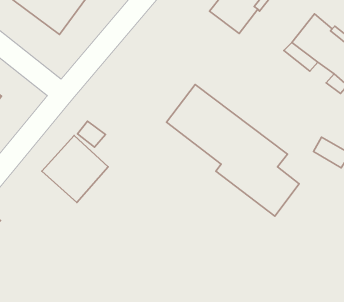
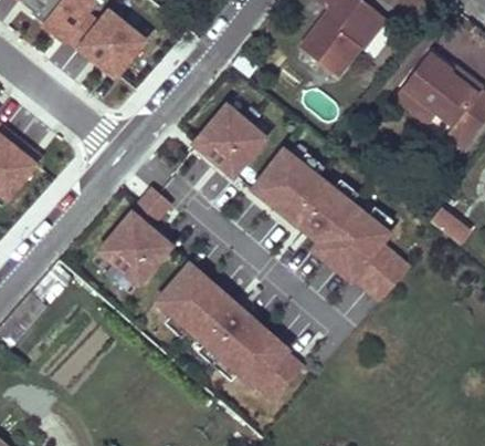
building: none -> [189,97,270,178]
building: none -> [150,258,308,403]

